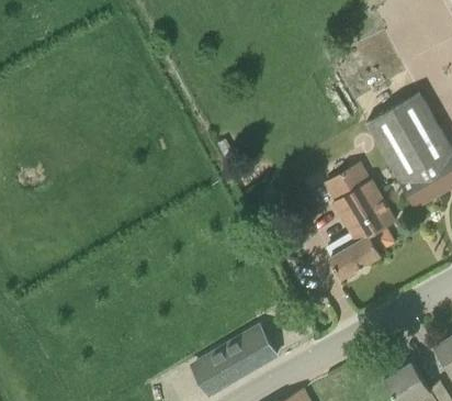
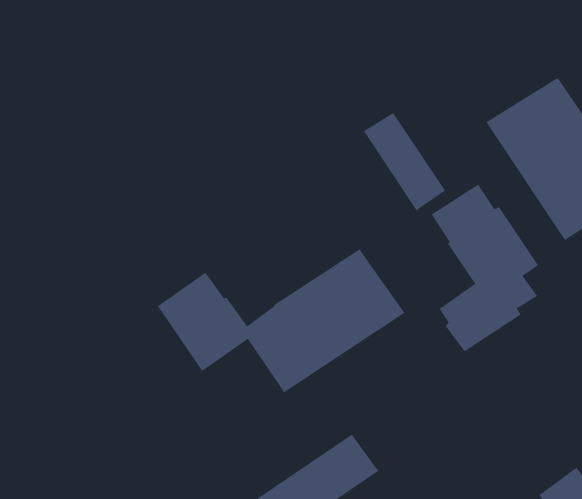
building: none -> [363,112,446,211]
building: none -> [157,249,405,393]

